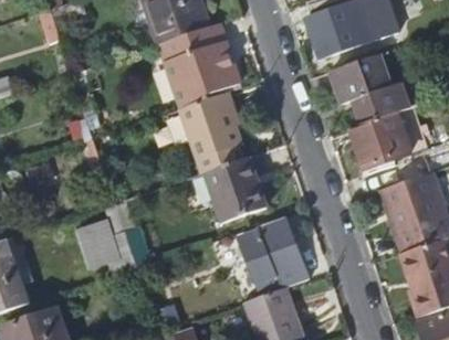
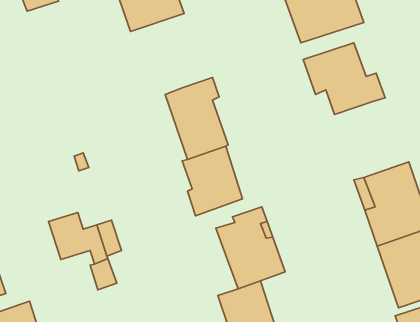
building: [156,22,238,108] -> none
building: [349,111,409,167] -> none

